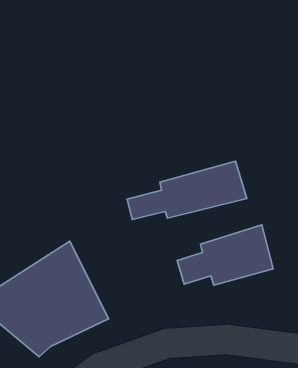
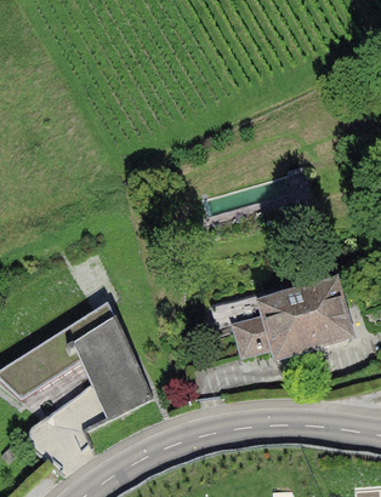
building: [127,161,247,220] -> none

